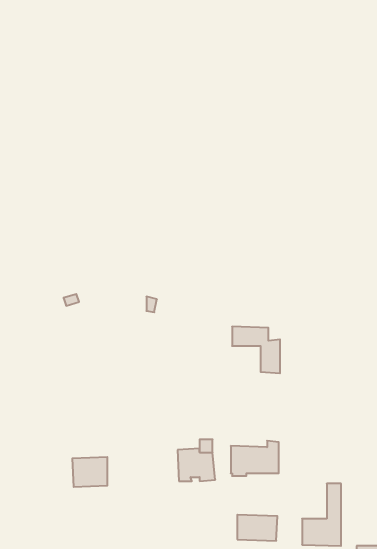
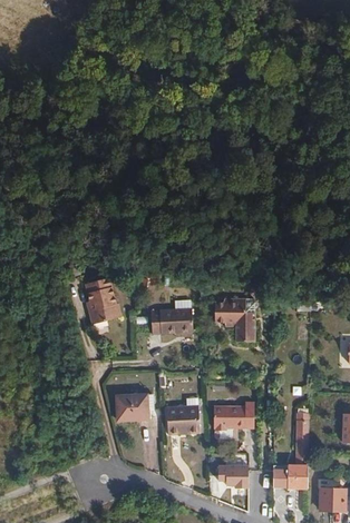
building: none -> [85,277,117,323]
building: none -> [149,307,193,334]
building: [72,457,107,487] -> [116,393,146,418]

